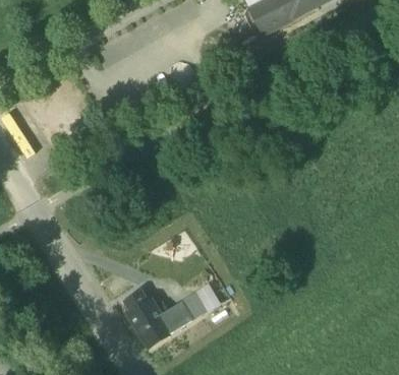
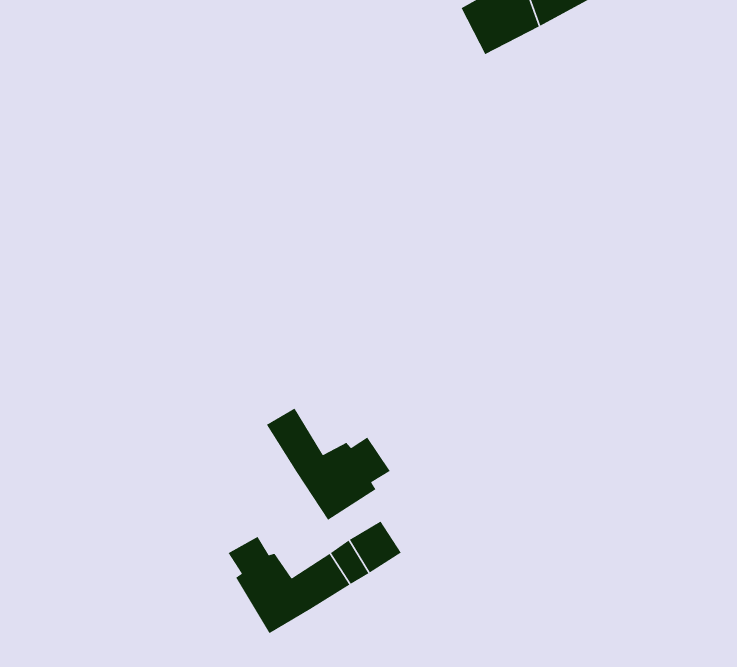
building: none -> [266,408,391,521]

